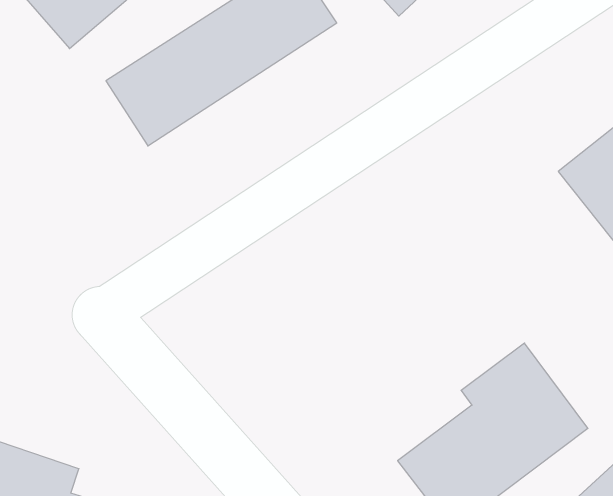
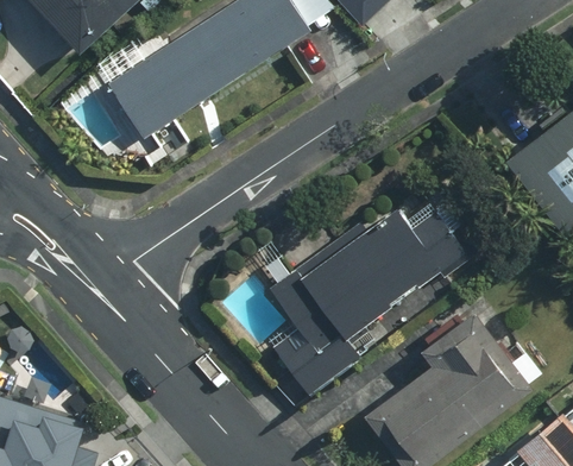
building: none -> [272,202,474,395]

